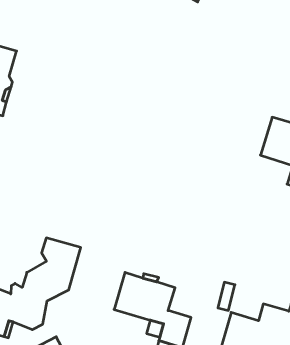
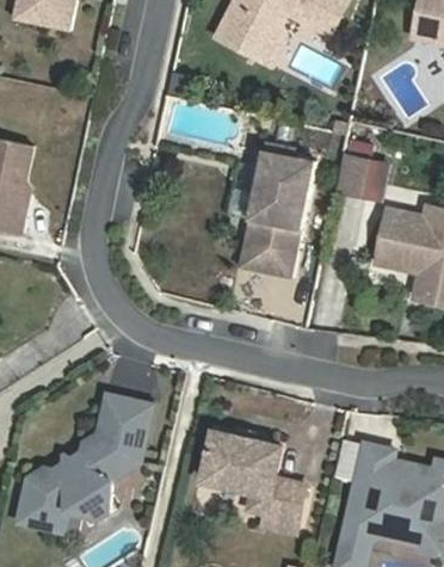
building: none -> [239,138,315,278]
building: none -> [326,146,381,193]
building: none -> [346,440,388,481]

